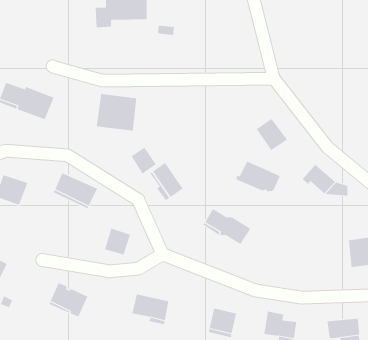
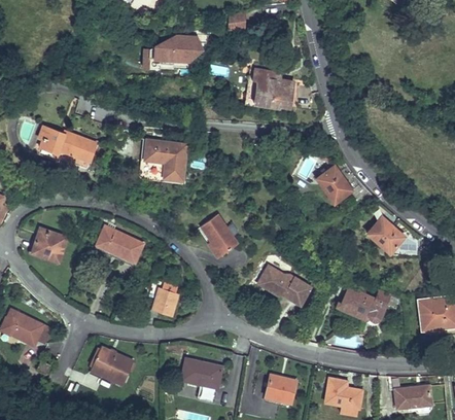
building: none -> [252,69,294,106]
building: [131,147,157,174] -> none
building: [235,161,281,192] -> [338,286,387,320]

